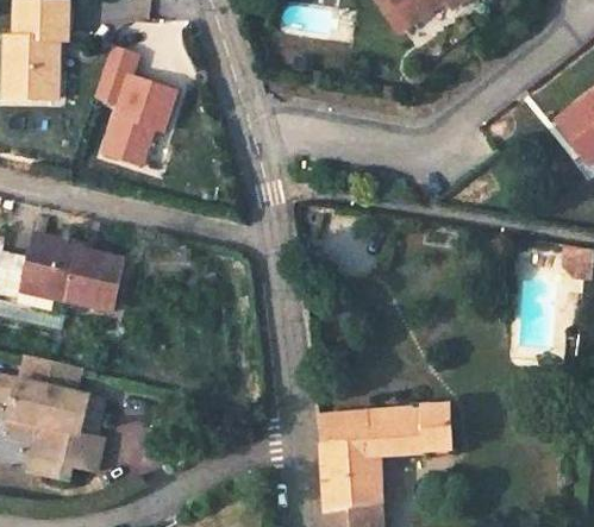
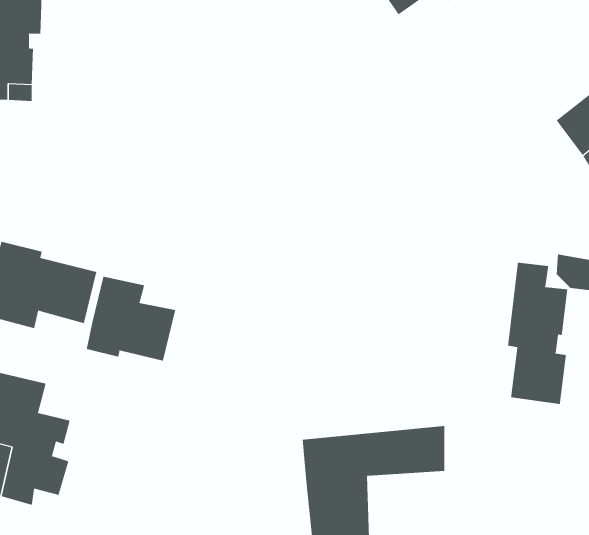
building: [92,40,174,163] -> none
building: none -> [508,262,568,405]
building: none -> [86,276,176,361]

